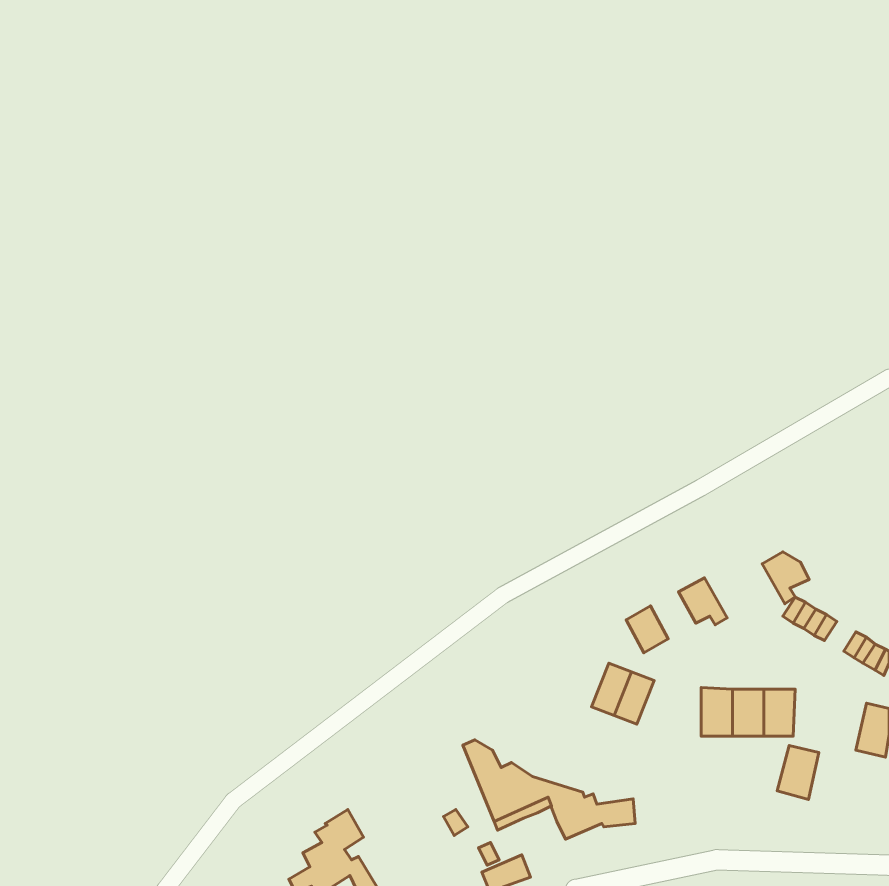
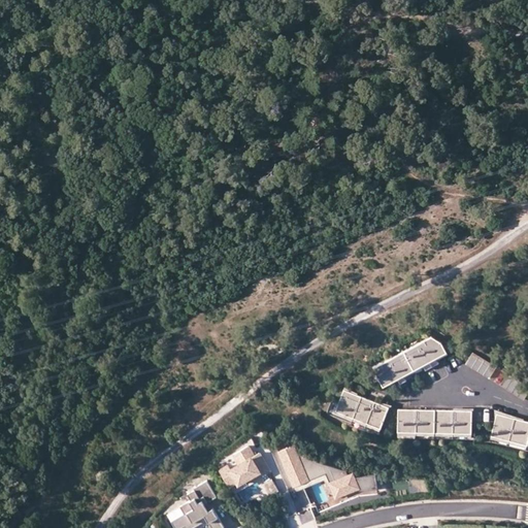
building: [762,552,809,604] -> [418,337,446,368]
building: none -> [386,353,412,386]
building: none -> [326,388,361,421]
building: none -> [397,409,416,438]
building: [777,746,819,800] -> [489,415,514,447]
building: none -> [220,447,269,487]

